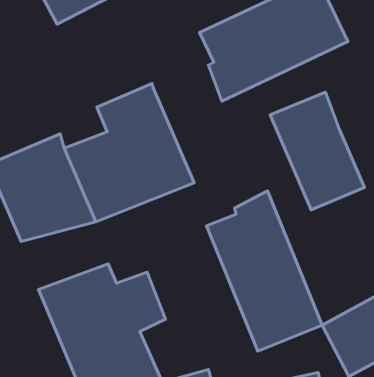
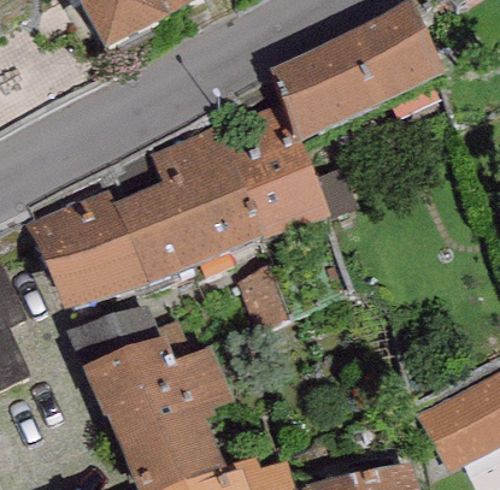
building: [270,92,364,210] -> [218,104,329,242]
building: [206,191,322,351] -> none

